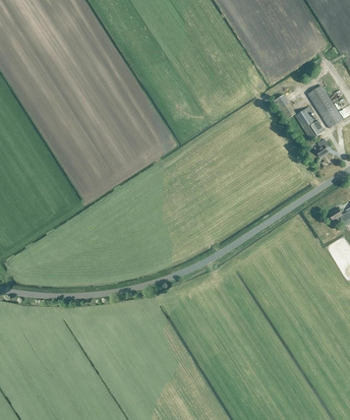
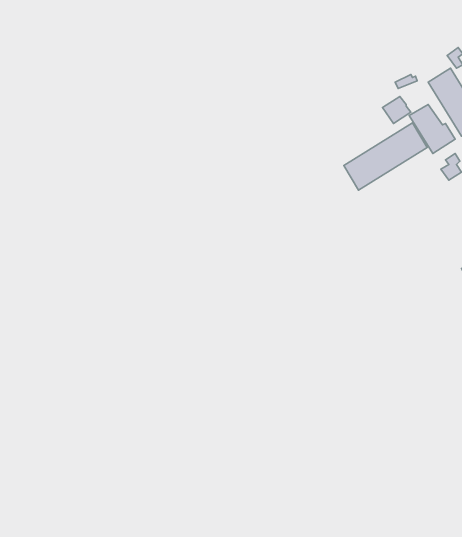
building: none -> [344,123,427,190]

